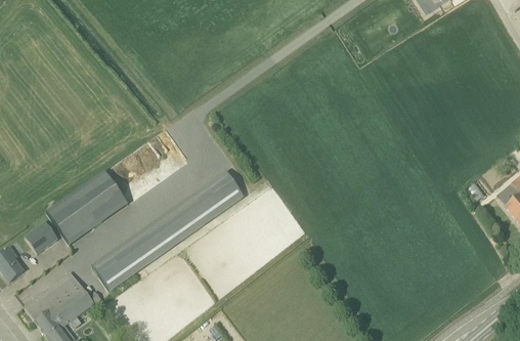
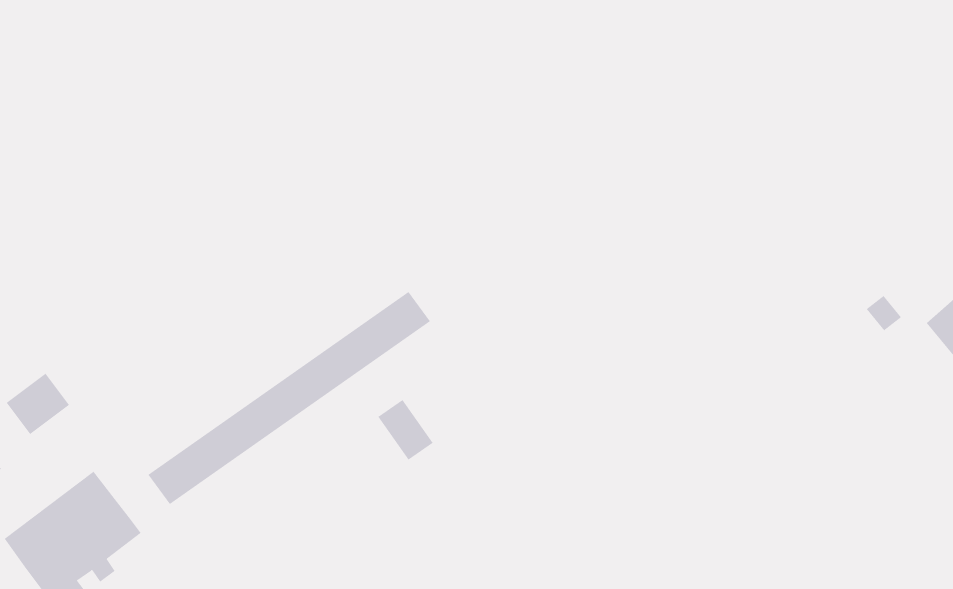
building: [47,169,128,243] -> none
building: none -> [378,399,433,461]

